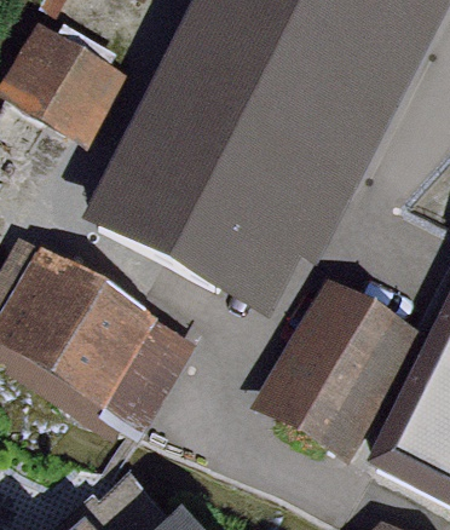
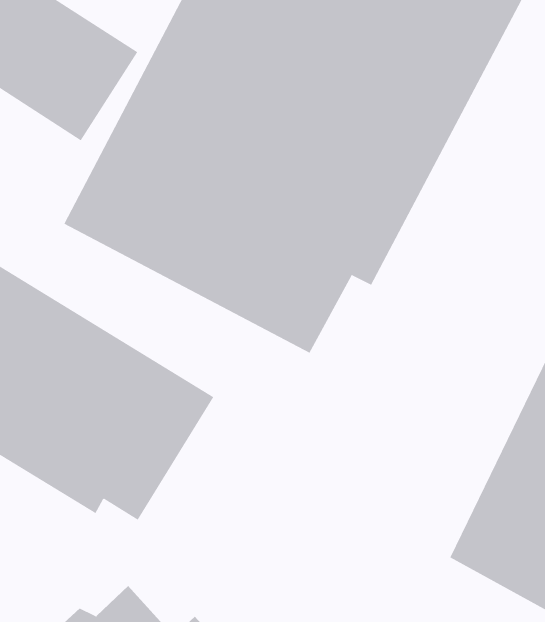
building: [256,281,419,459] -> none

